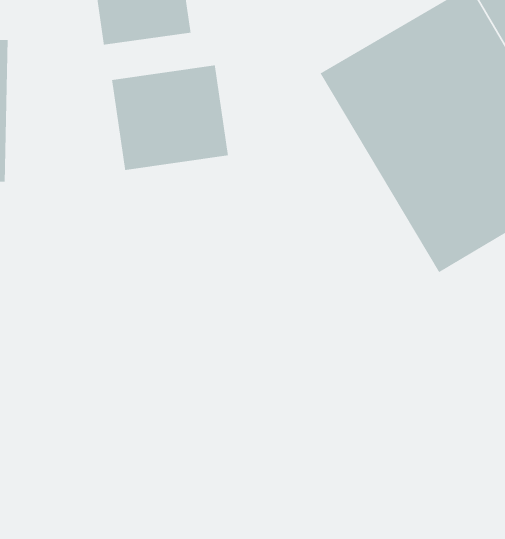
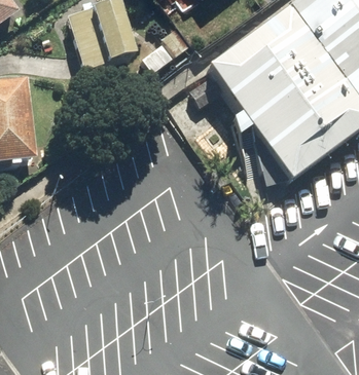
building: [111,64,229,171] -> none

